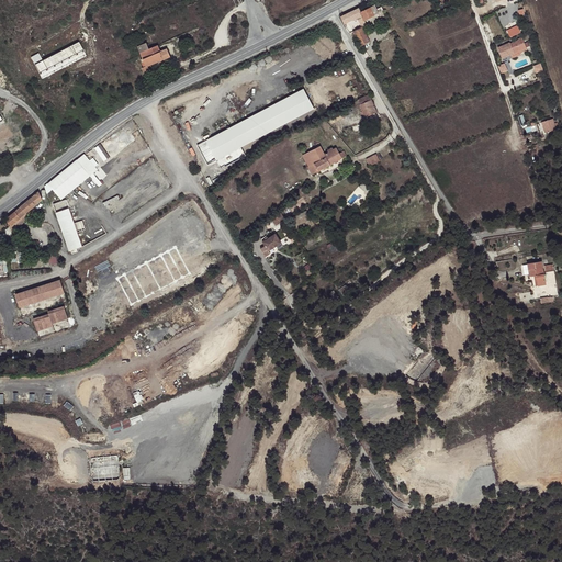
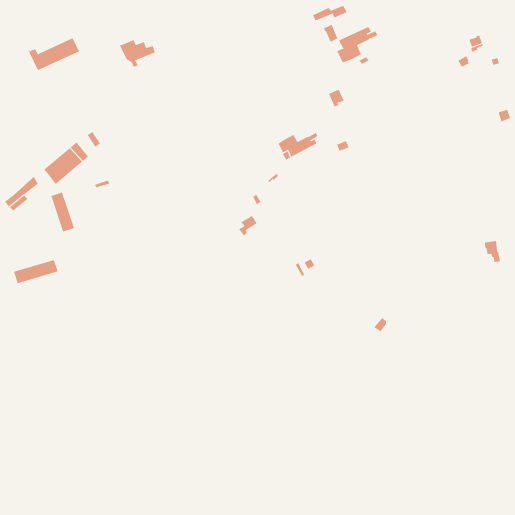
building: none -> [337,26,378,63]
building: [204,89,313,157] -> none
building: [33,308,67,334] -> none

